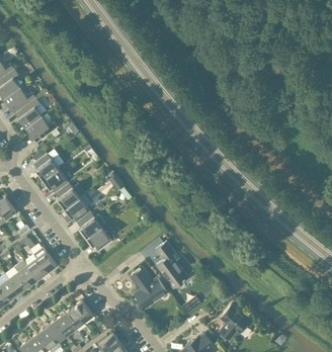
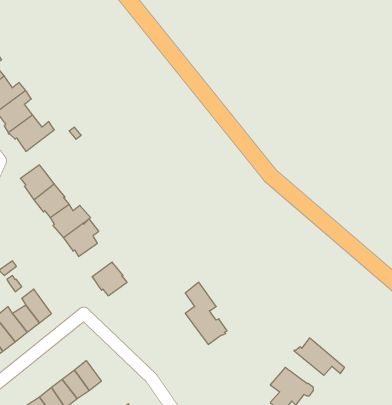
building: [76,212,106,238] -> none
building: [131,267,168,309] -> none
building: none -> [294,338,344,375]

